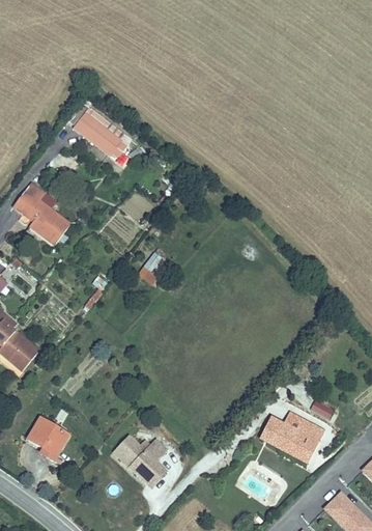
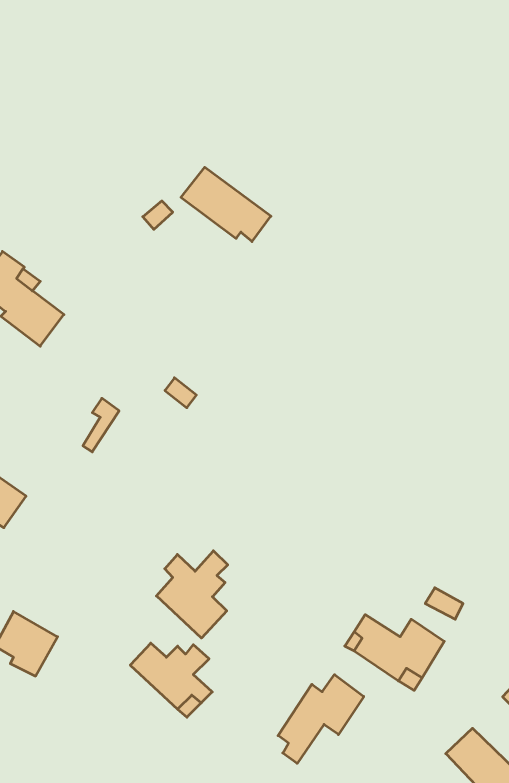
building: [73,104,132,152] -> [181,167,271,242]
building: none -> [156,551,228,638]
building: none -> [278,675,364,763]

